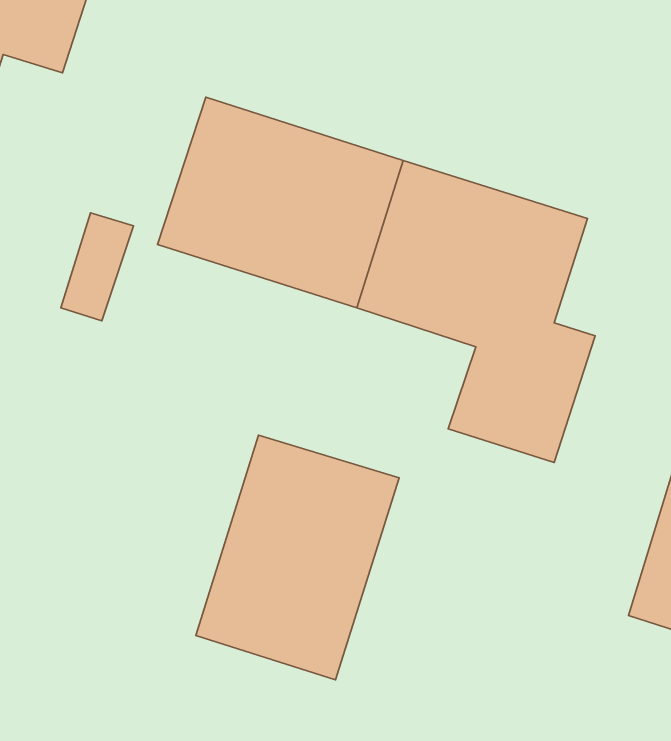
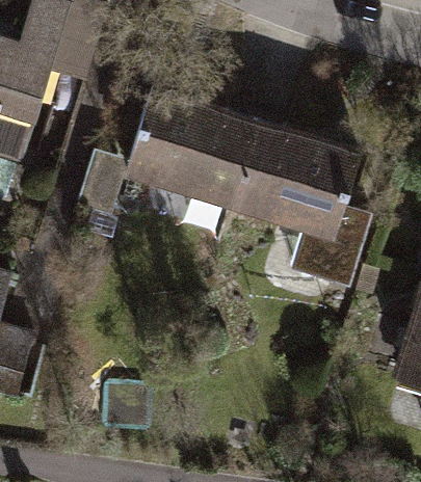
building: [196,435,399,680] -> none

